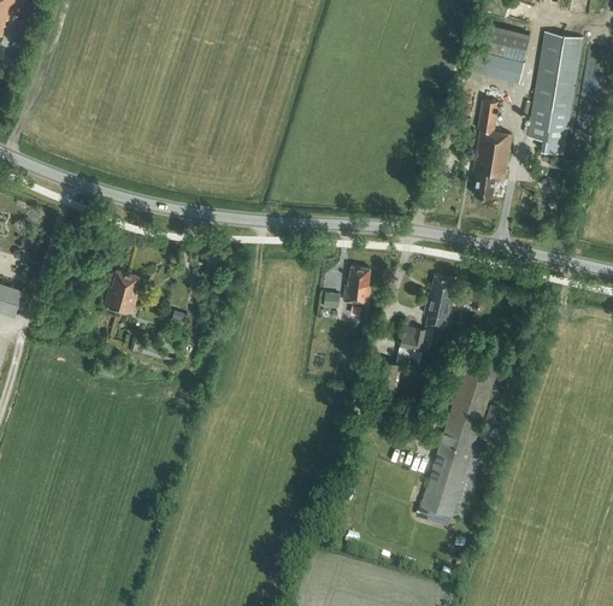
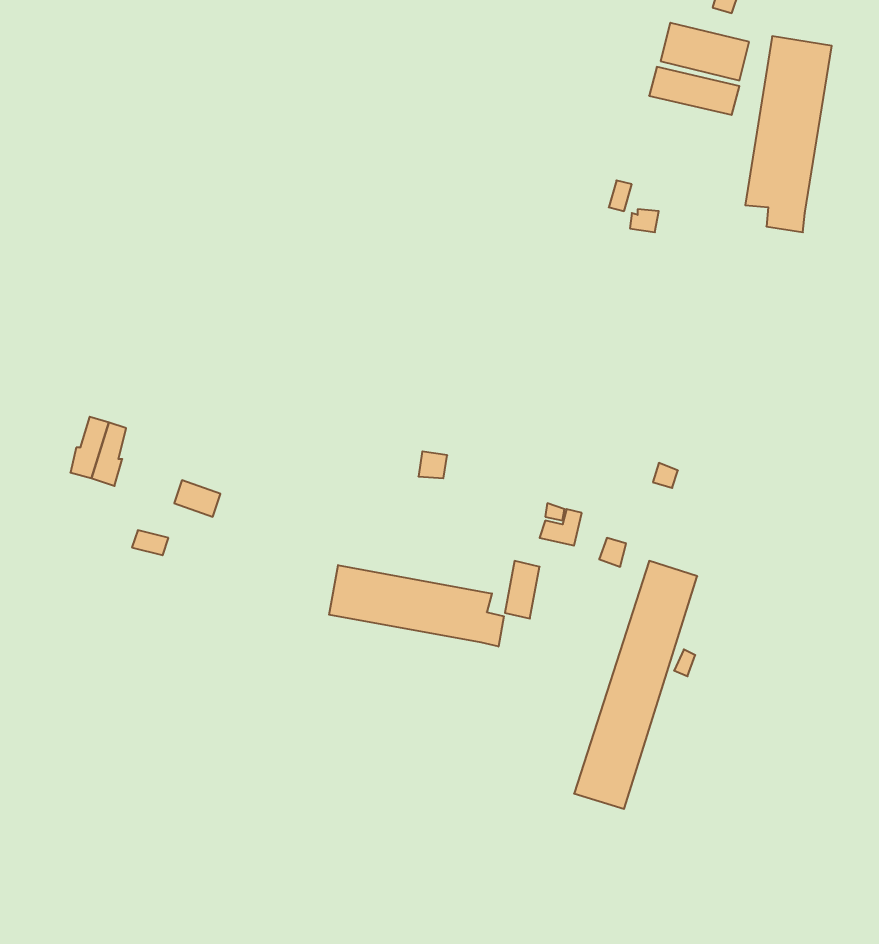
building: [472,101,512,199] -> none
building: [343,267,371,305] -> none
building: [424,277,454,330] -> none
building: none -> [329,565,504,647]

